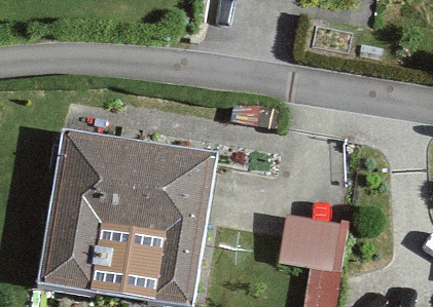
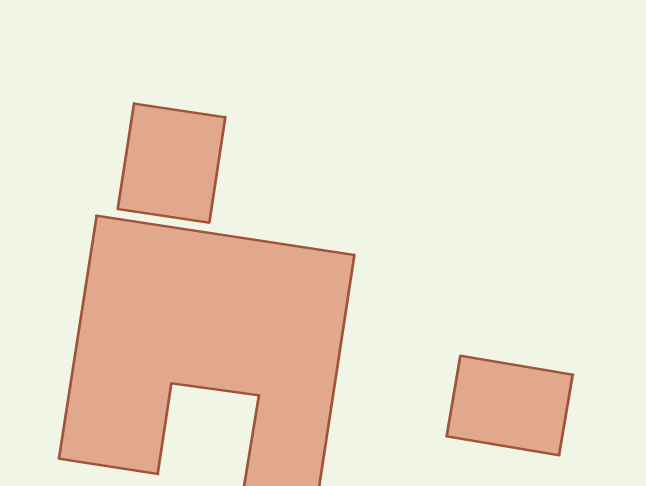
building: none -> [118,103,225,223]

